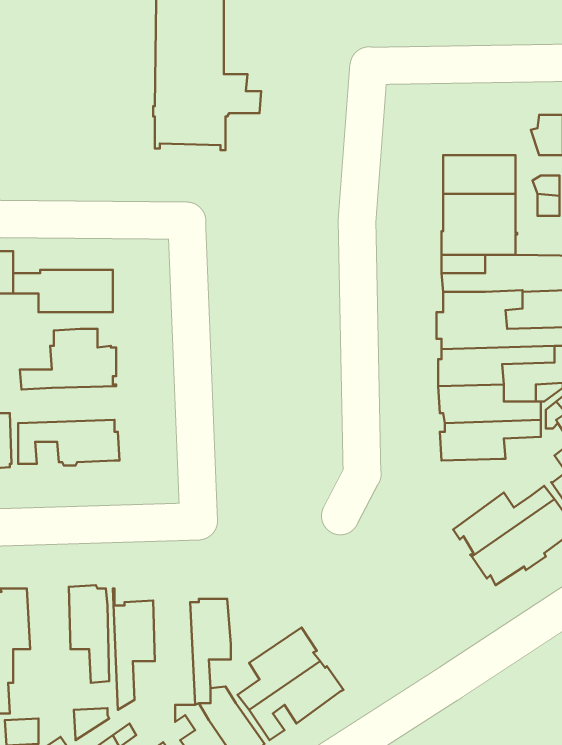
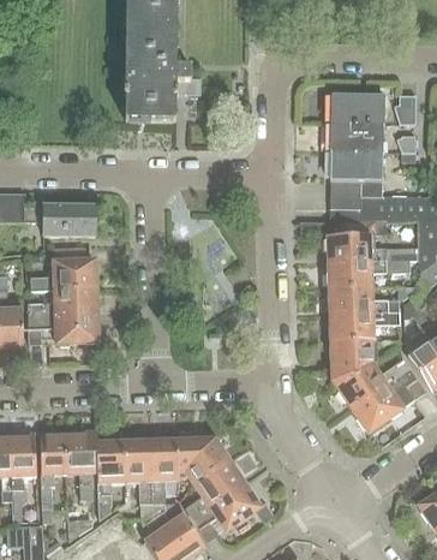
building: none -> [330,94,383,124]
building: none -> [28,288,98,315]
building: none -> [329,340,373,391]
building: none -> [38,431,65,506]
building: none -> [176,437,229,485]
building: none -> [124,441,154,516]

